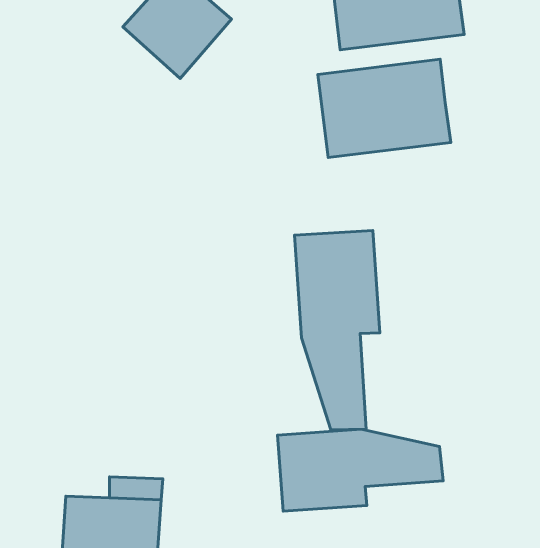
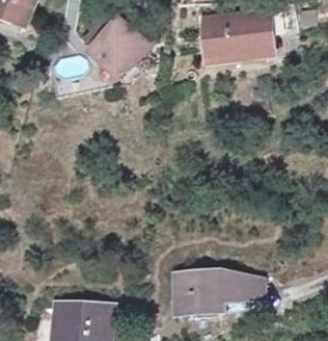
building: [318,59,451,157] -> none
building: [295,230,380,430] -> none

